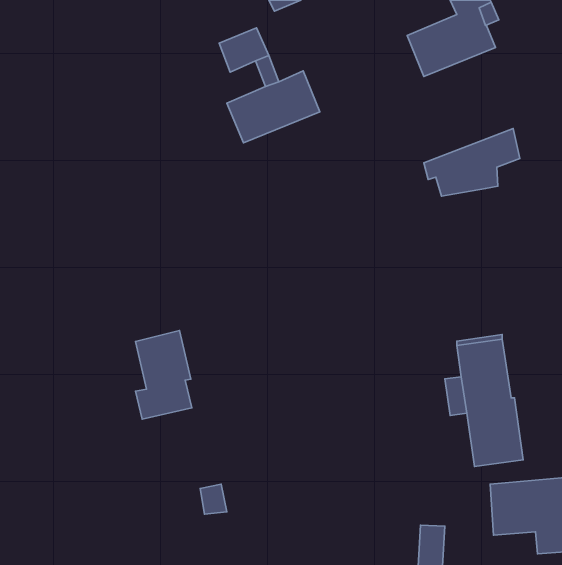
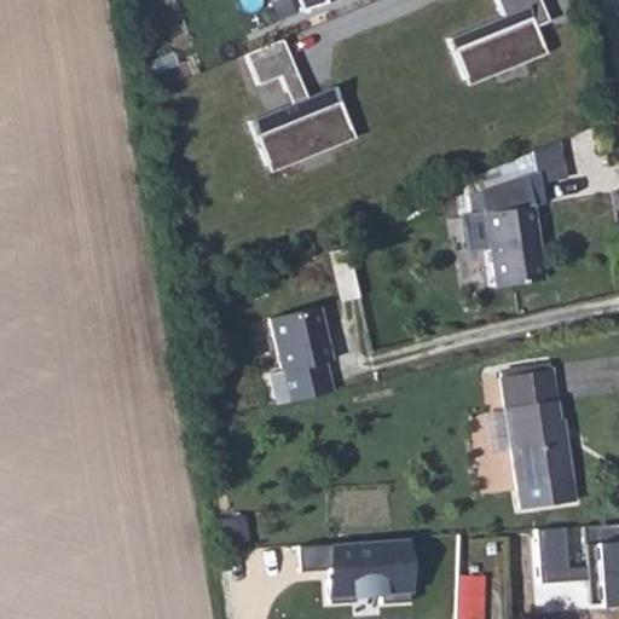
building: none -> [465,195,545,289]
building: [135,330,192,419] -> [272,308,334,405]
building: none -> [300,540,412,604]

